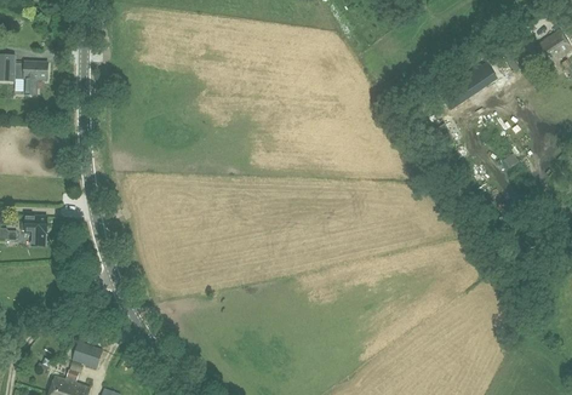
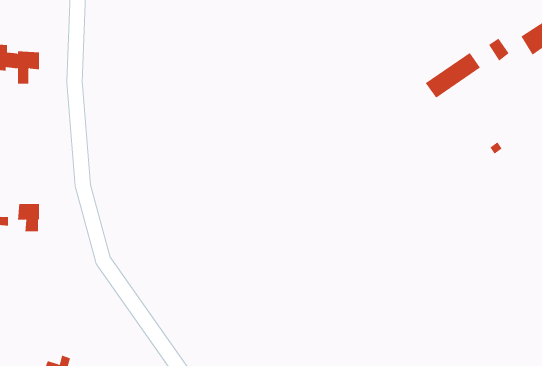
building: [70,340,102,368] -> none

